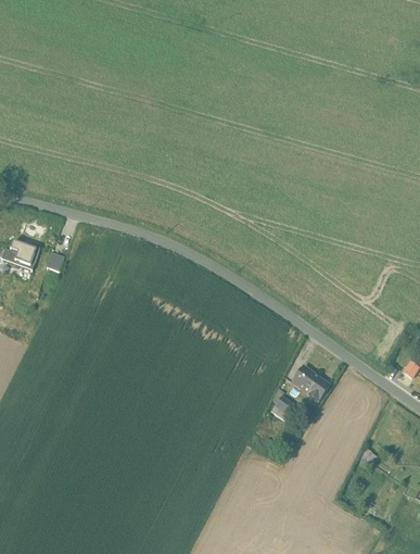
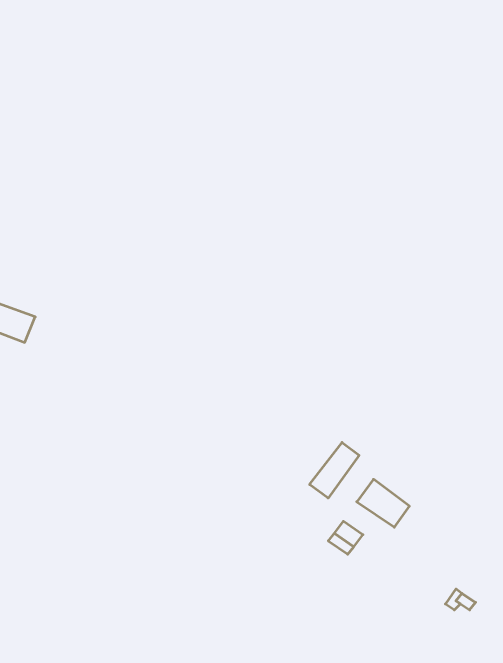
building: none -> [310,442,359,498]

